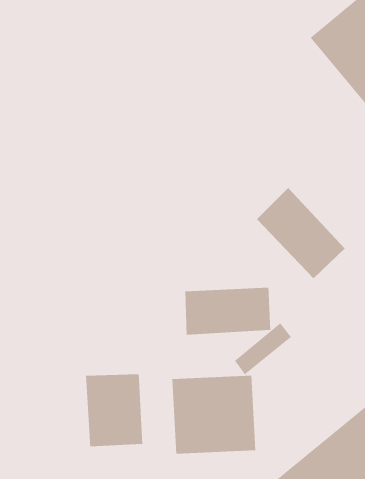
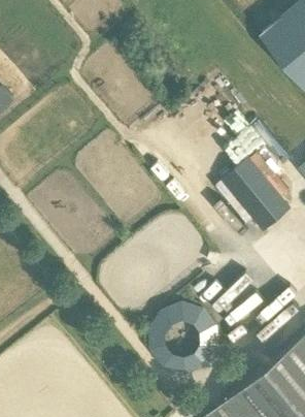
building: [185,287,271,336] -> none
building: [85,373,143,447] -> none

